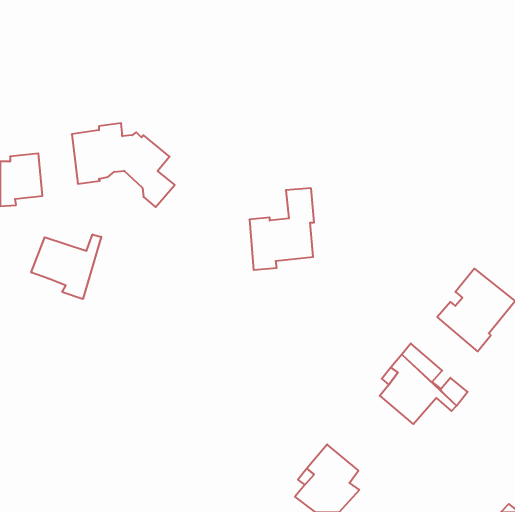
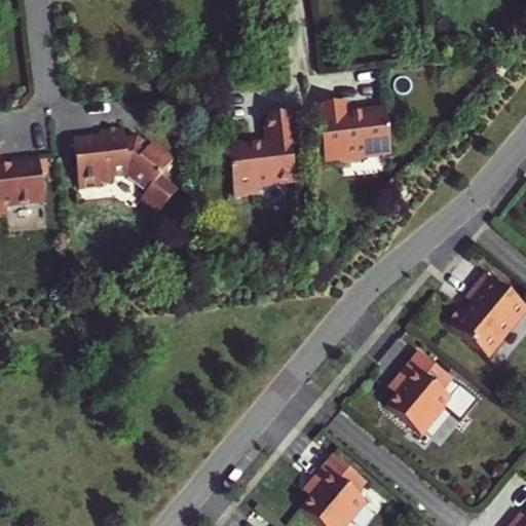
building: none -> [318,99,391,161]
building: [249,188,314,270] -> [230,111,296,194]
building: [31,234,101,299] -> none

